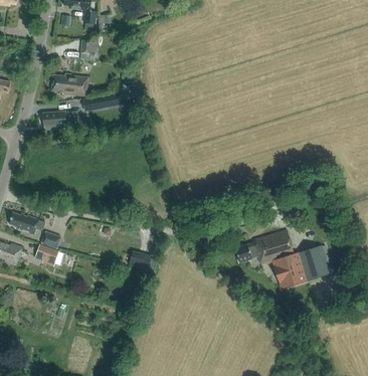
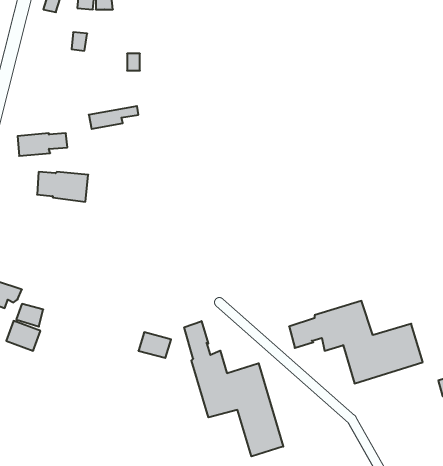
building: [52,74,88,96] -> [37,172,88,202]
building: none -> [184,321,283,456]

